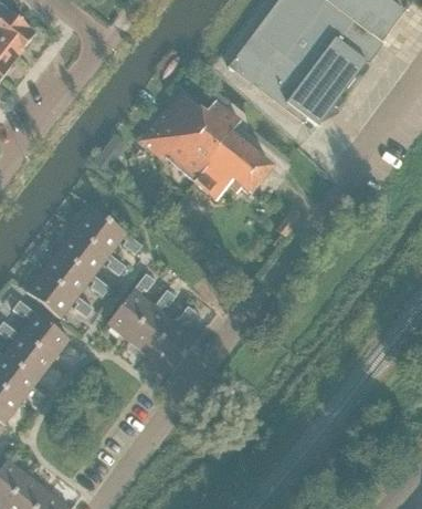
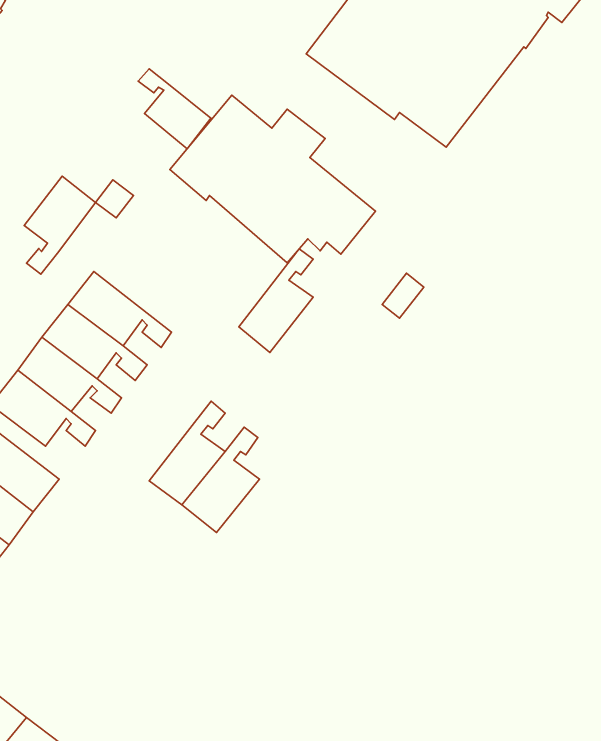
building: none -> [138,69,211,149]
building: none -> [24,176,95,274]
building: [107,272,155,339] -> [239,249,313,353]

